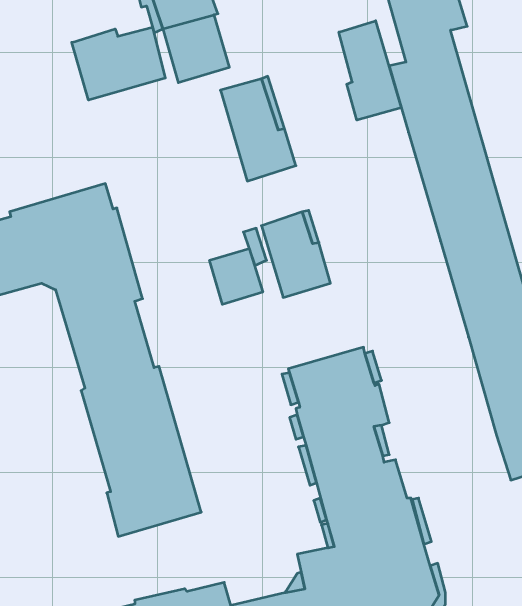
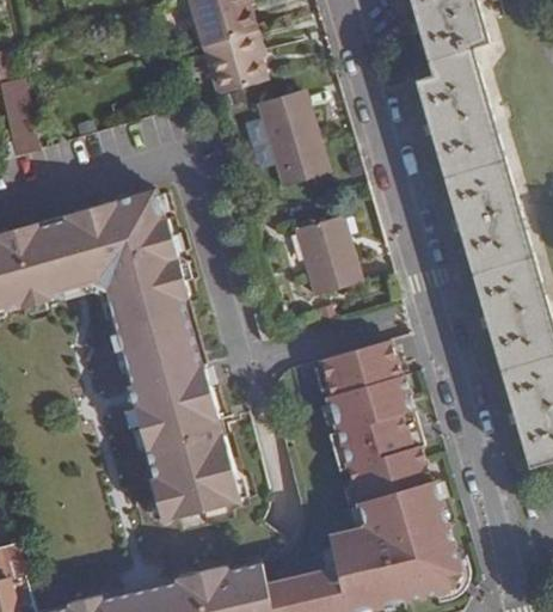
building: [339,21,401,120] -> none
building: [72,27,165,100] -> none
building: [210,249,263,304] -> none

